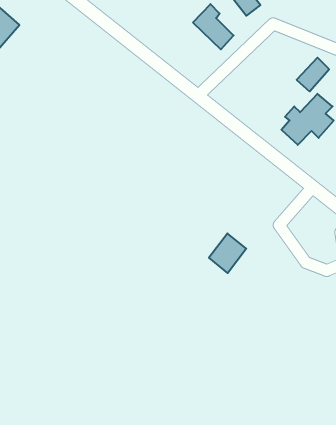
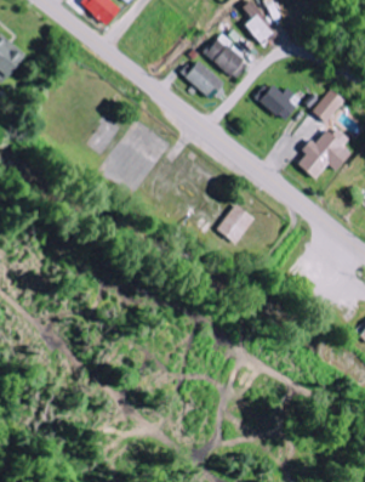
building: none -> [183,59,224,98]
building: none -> [258,84,296,120]
building: [209,233,246,273] -> [216,203,255,244]

